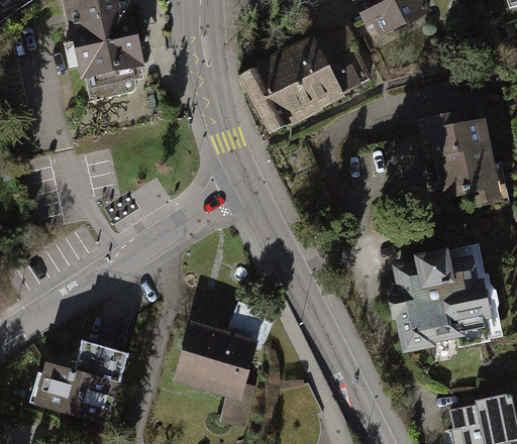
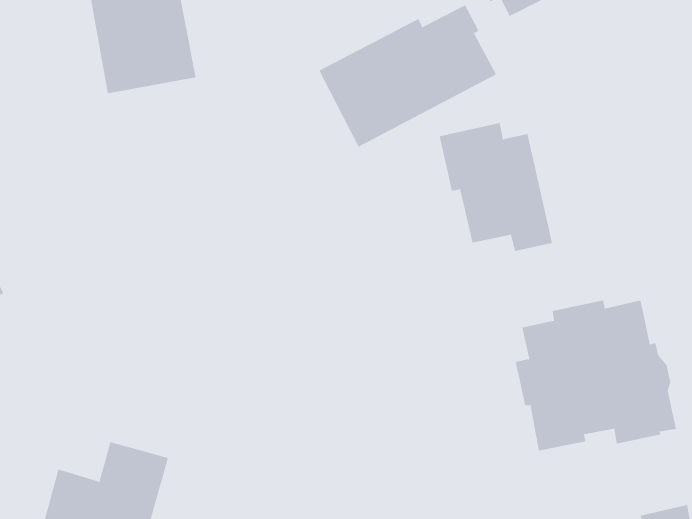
building: [417,109,501,204] -> [439,122,553,252]
building: [180,327,264,398] -> none

